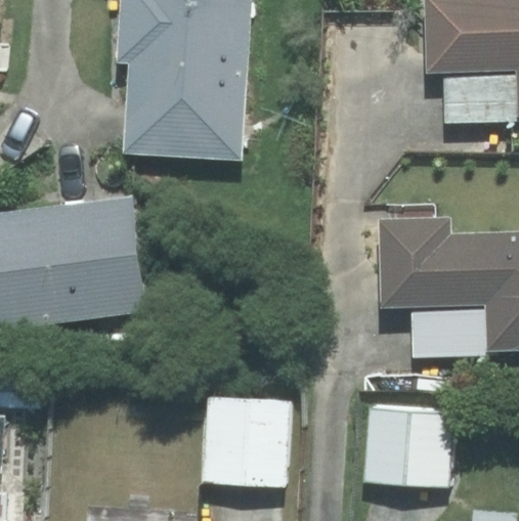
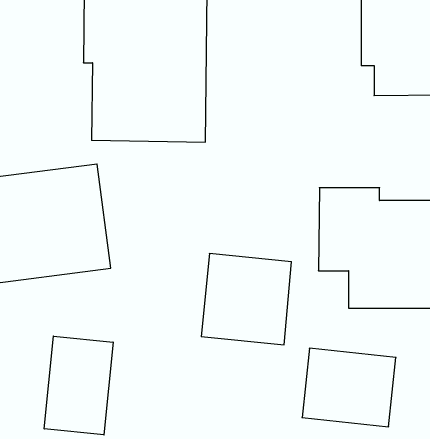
building: none -> [44,336,113,435]
building: [202,390,303,492] -> [201,254,291,345]

